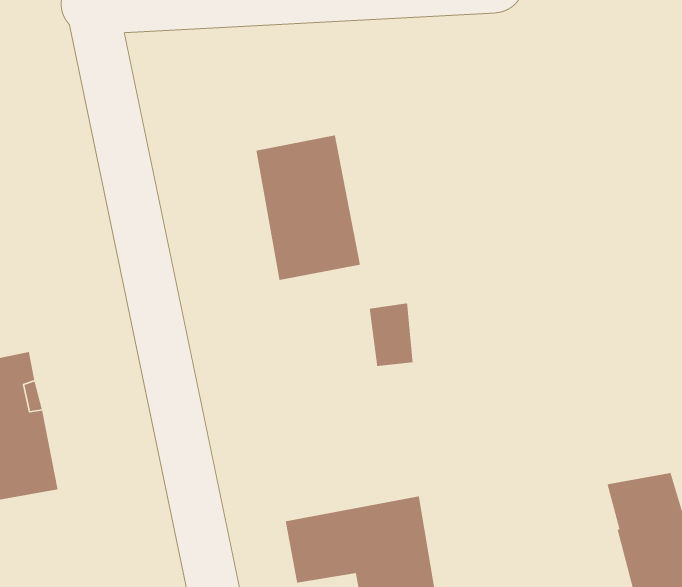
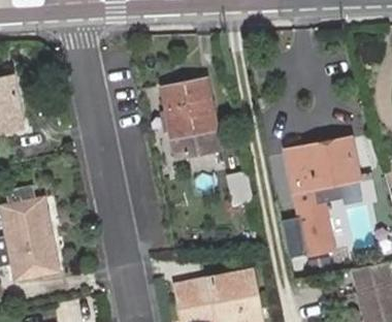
building: none -> [285,136,356,252]

